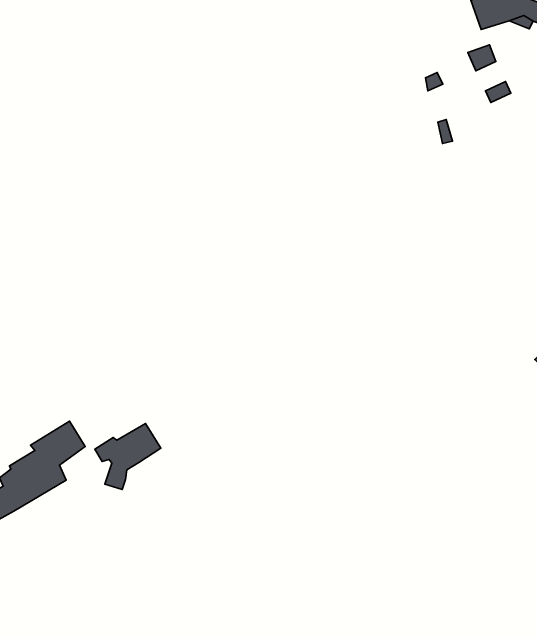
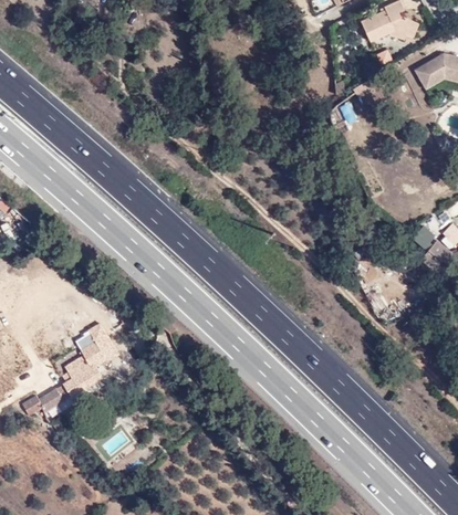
building: [95,423,161,490] -> none

